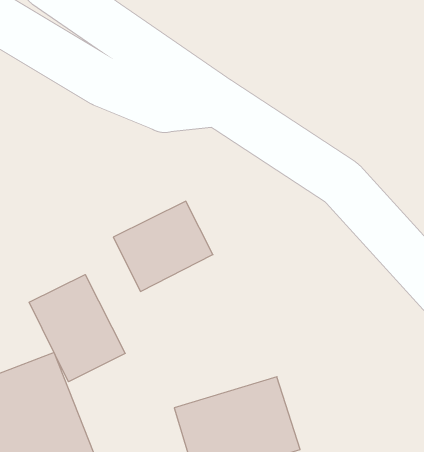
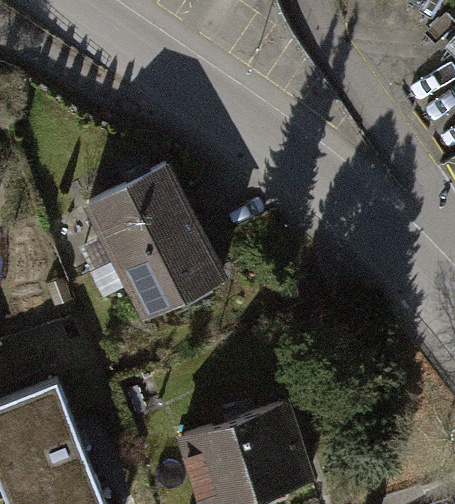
building: none -> [89,170,192,263]
building: [29,275,125,382] -> none

